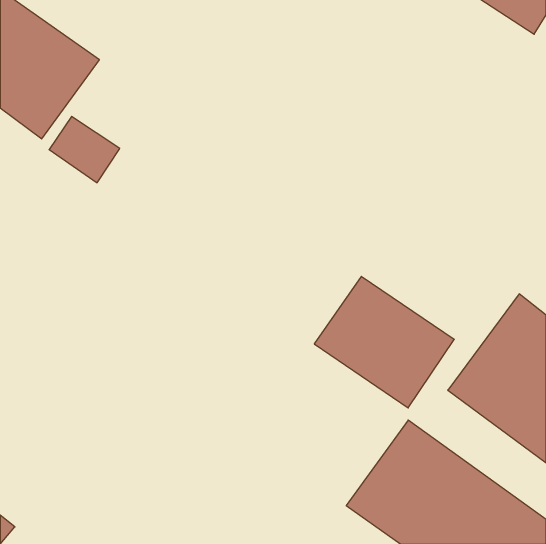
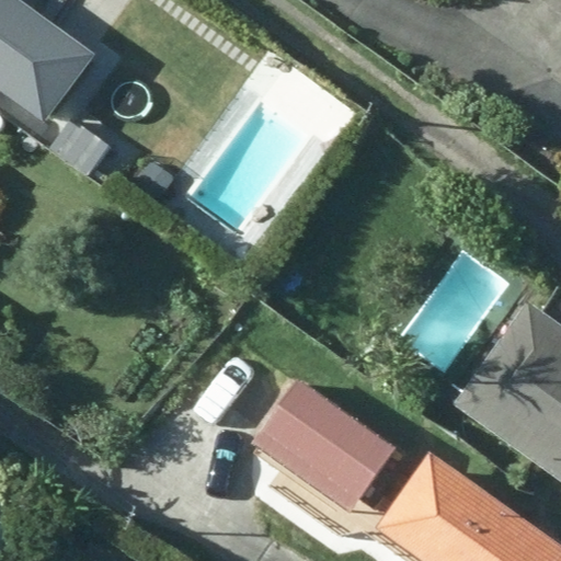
building: [314,276,454,408] -> [250,383,393,518]

